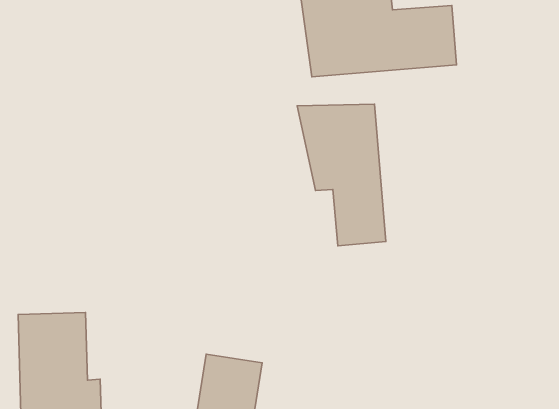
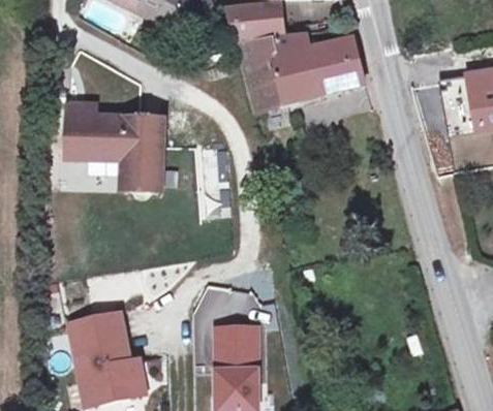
building: none -> [70,106,163,189]
building: [297,104,386,246] -> none

